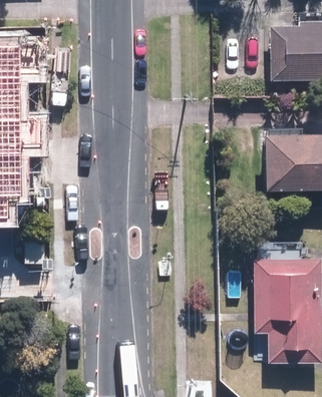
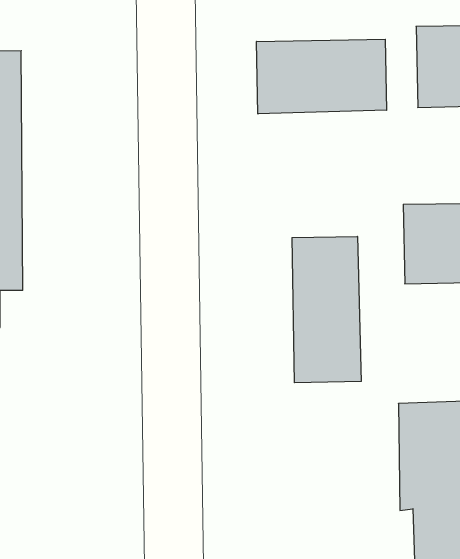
building: none -> [257,39,387,114]
building: none -> [292,236,361,383]

